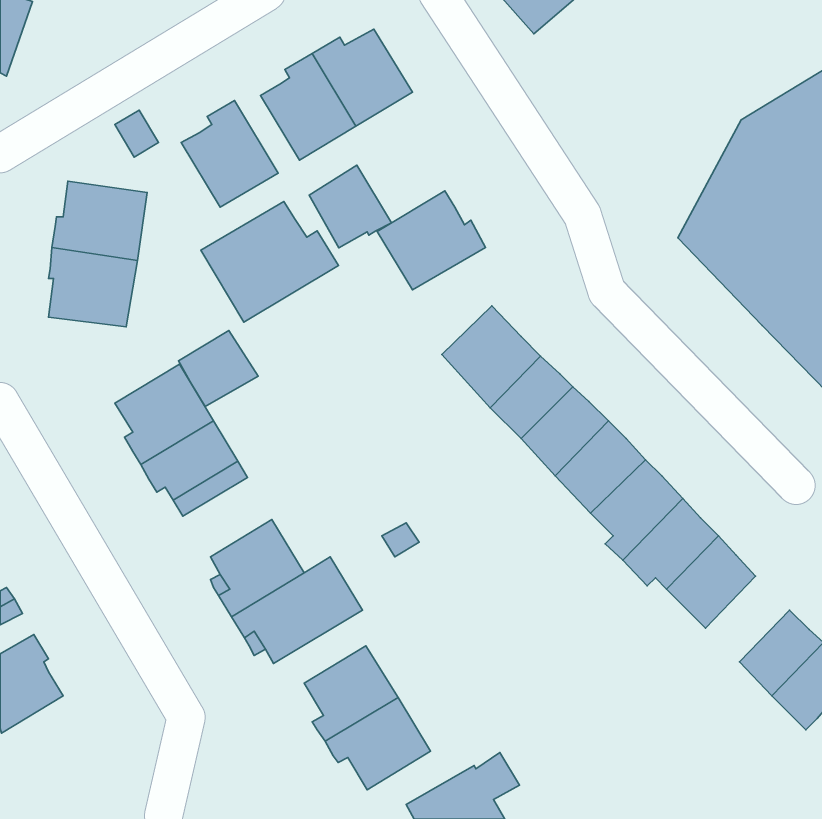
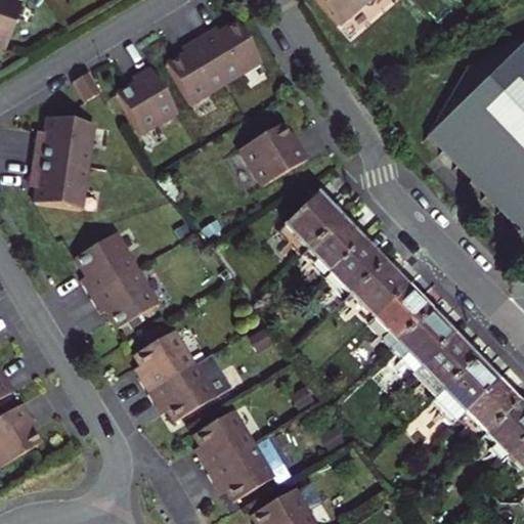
building: [309,165,391,248] -> none
building: [201,202,338,322] -> none
building: [179,331,258,407] -> none
building: none -> [441,364,503,426]

